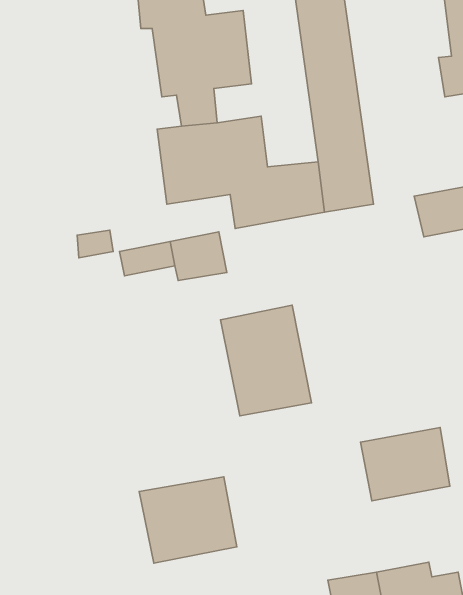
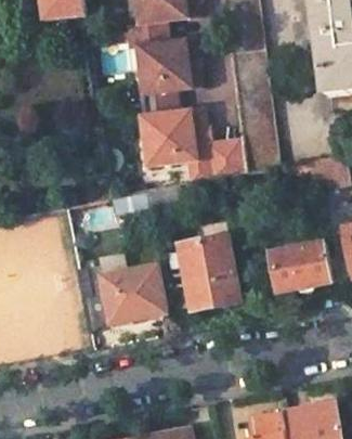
building: [360,428,450,501] -> [271,243,330,292]
building: [139,477,237,563] -> [100,266,165,323]

